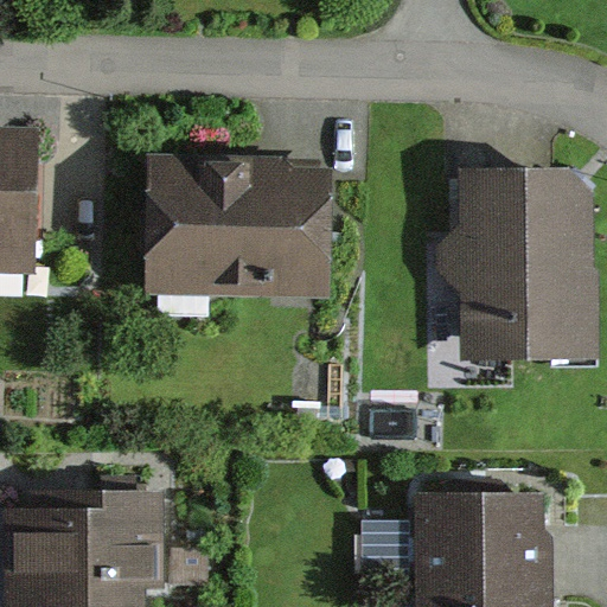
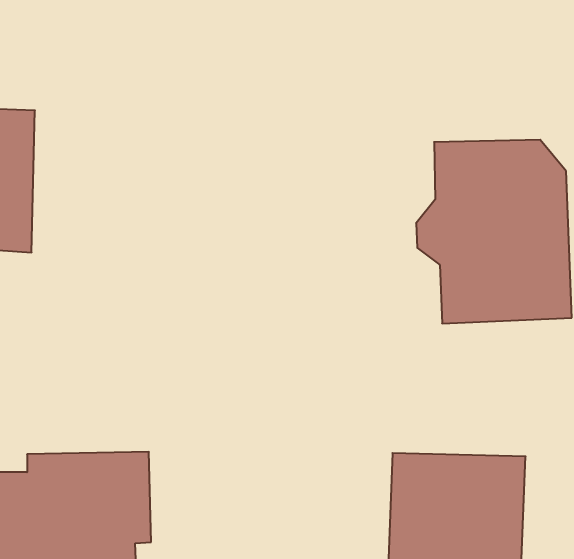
building: [141,154,330,306] -> none

